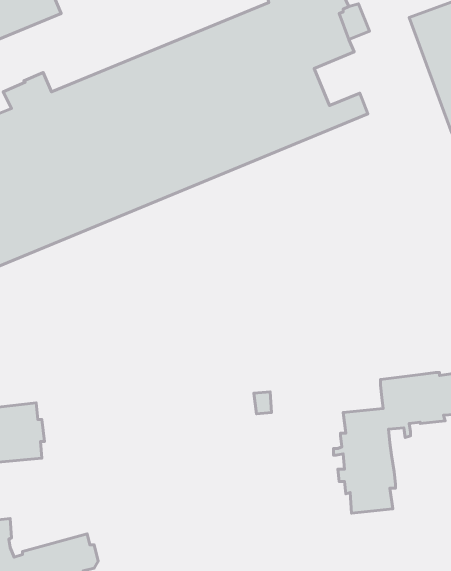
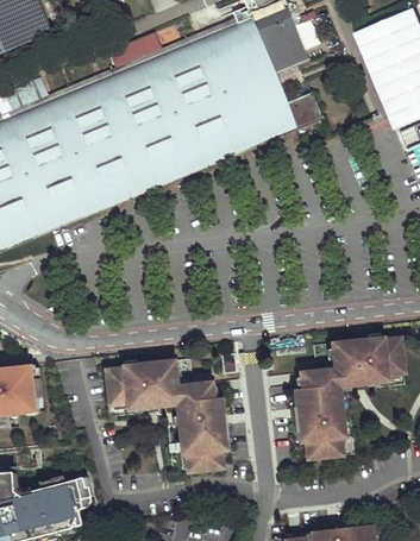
building: none -> [105,360,227,472]

